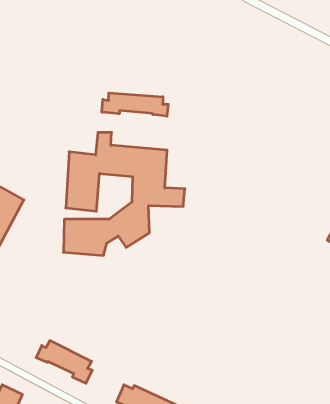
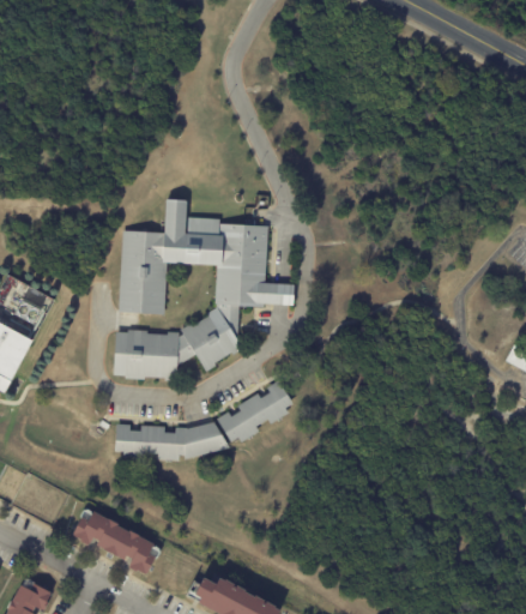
building: [102,93,168,116] -> none
building: none -> [111,383,294,460]

